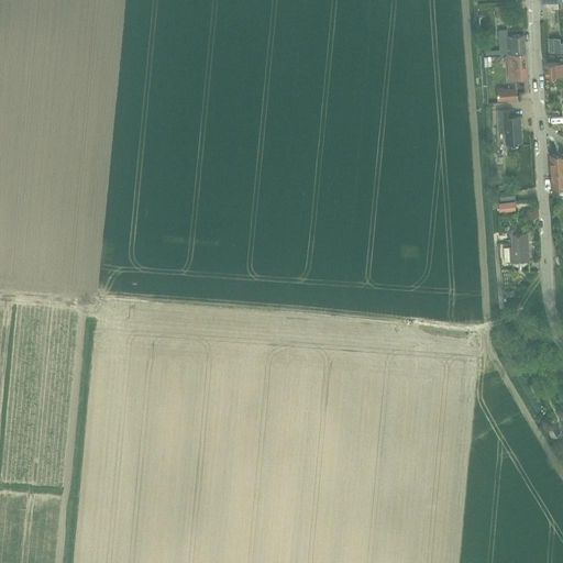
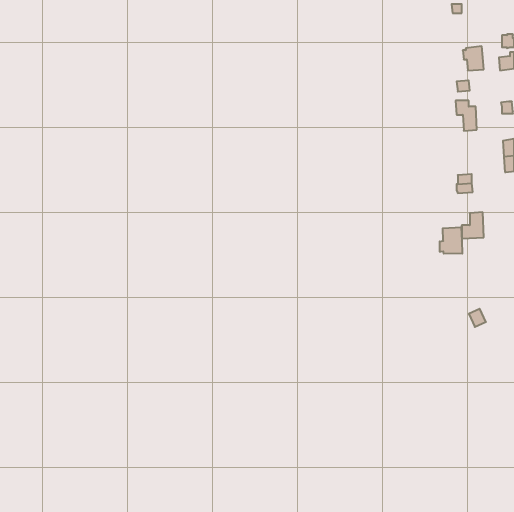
building: [486,32,527,57] -> none
building: none -> [440,227,462,254]

